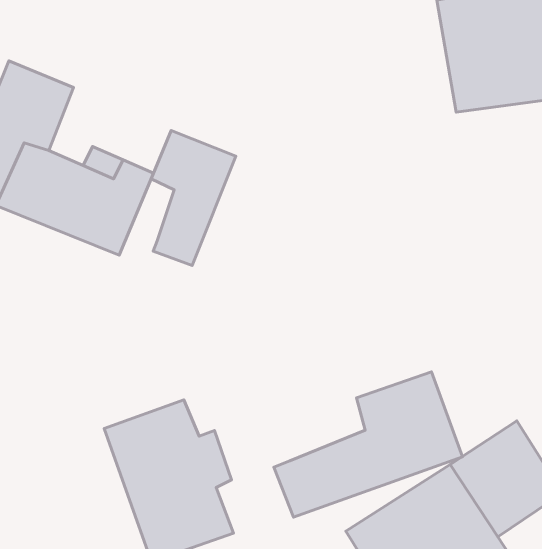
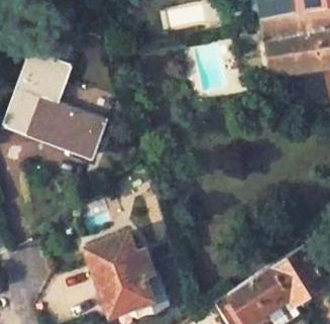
building: [151,130,236,265] -> none
building: [274,372,462,517] -> none

